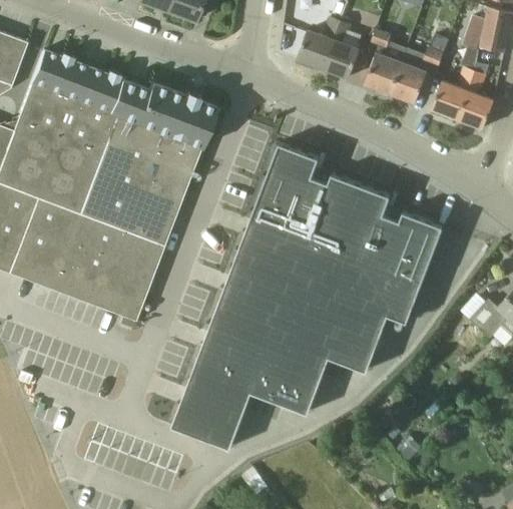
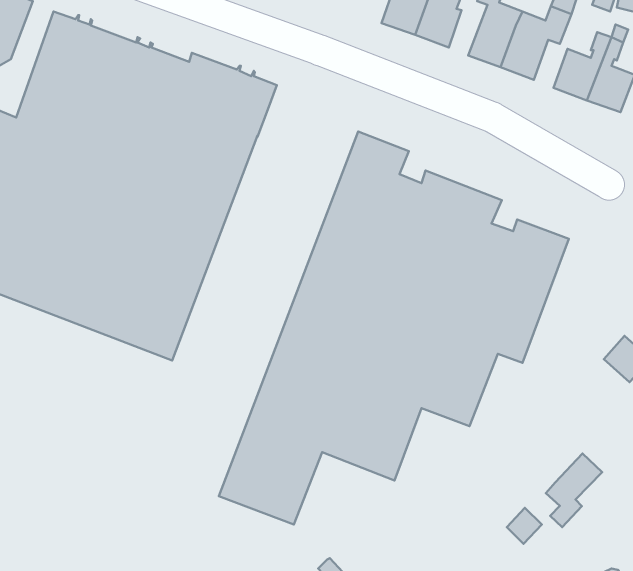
building: none -> [546,454,602,527]

